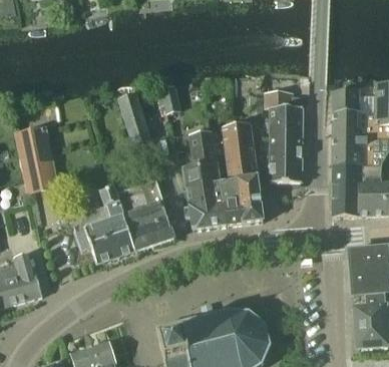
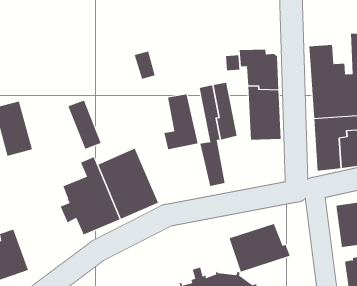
building: [118,95,149,144] -> [68,100,101,149]
building: [237,175,262,222] -> none
building: [186,180,226,229] -> none
building: none -> [229,223,290,272]

